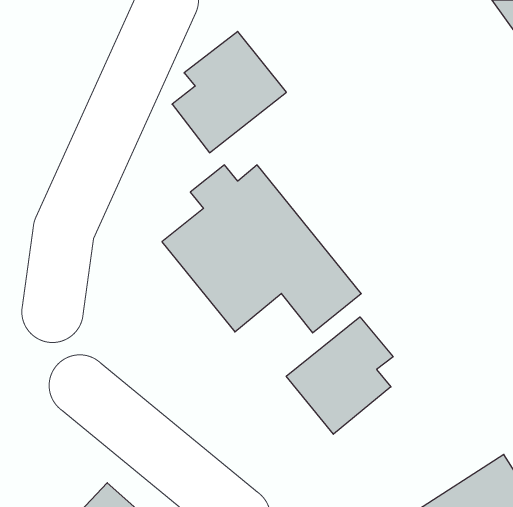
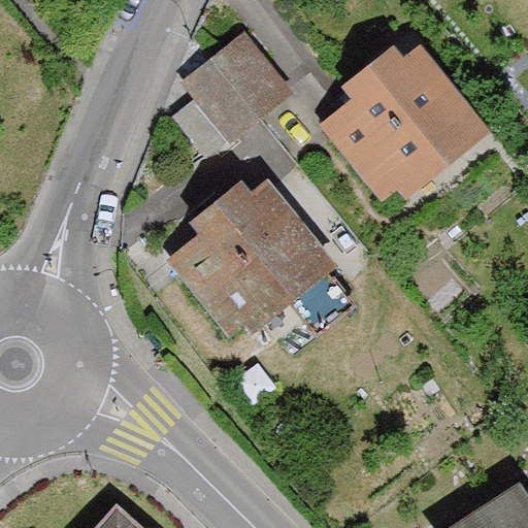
building: none -> [321,42,489,208]
building: [286,317,393,434] -> none

